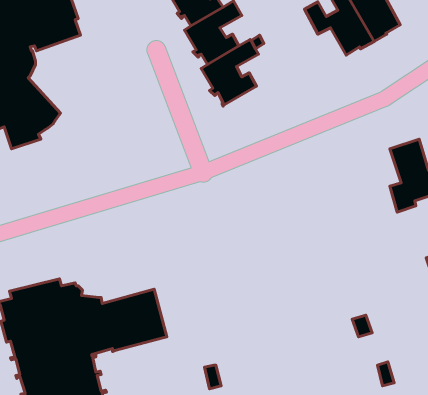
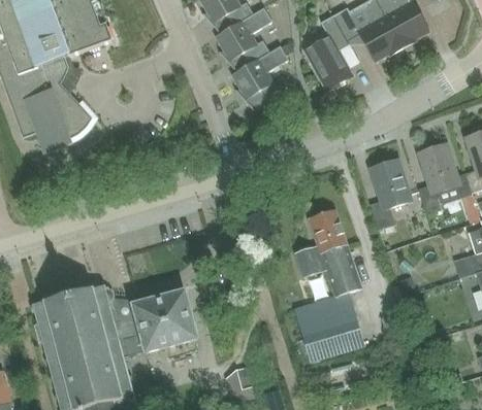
building: none -> [304,14,352,89]
building: none -> [369,159,412,229]
building: none -> [292,211,364,362]

